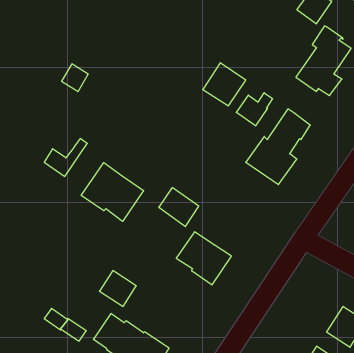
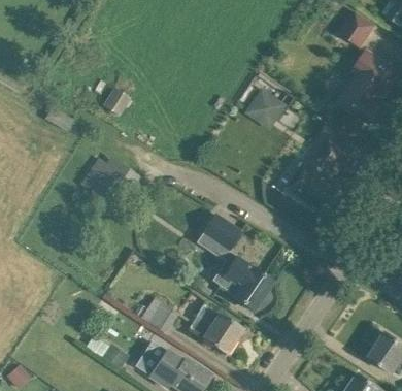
building: [236,93,273,126] -> none
building: [81,163,144,221] -> none
building: none -> [190,303,242,355]

